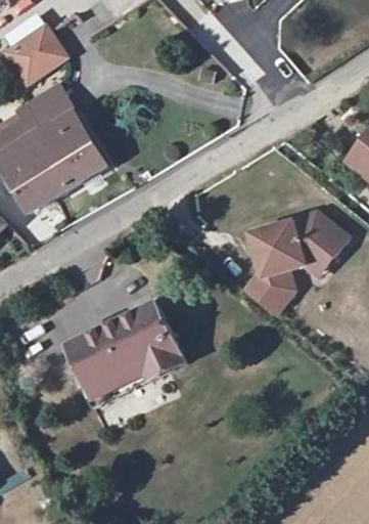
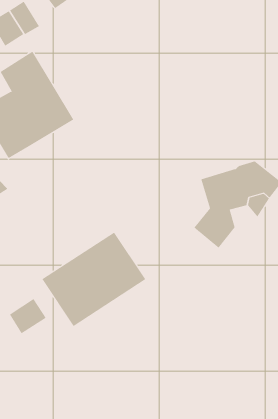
building: none -> [9,298,46,334]

